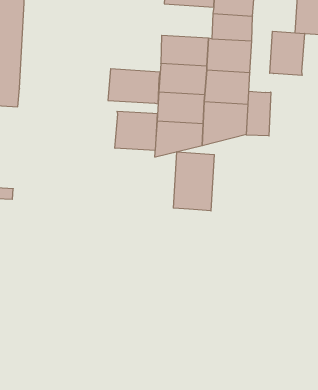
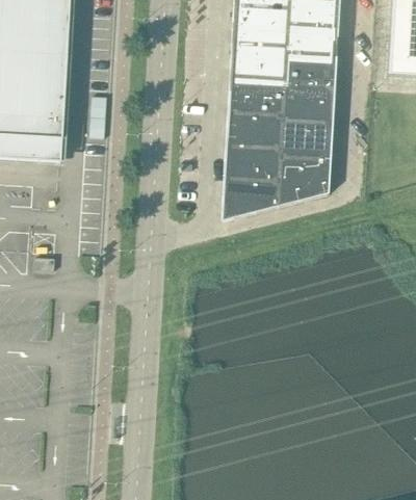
building: [270,31,305,75] -> none
building: [108,69,160,104] -> [230,38,291,80]
building: [246,91,271,136] -> none
building: [115,111,157,151] -> none
building: [173,152,214,211] -> none

